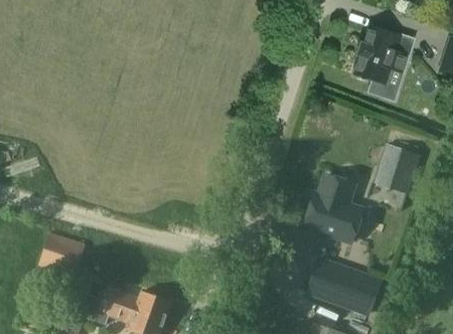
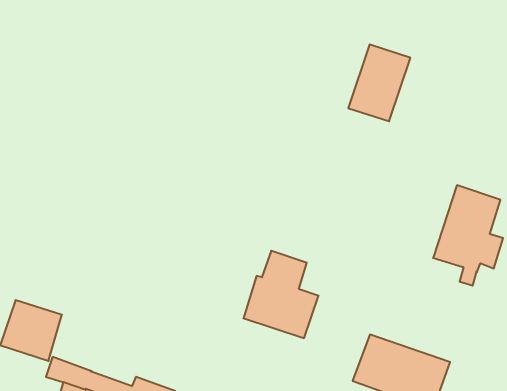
building: [354,25,402,84] -> [348,45,410,121]
building: [305,175,362,241] -> [243,251,319,338]

